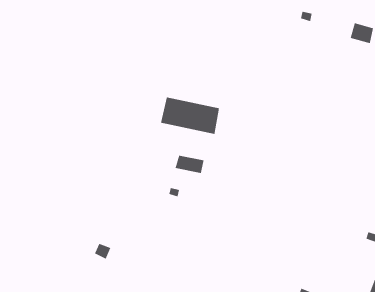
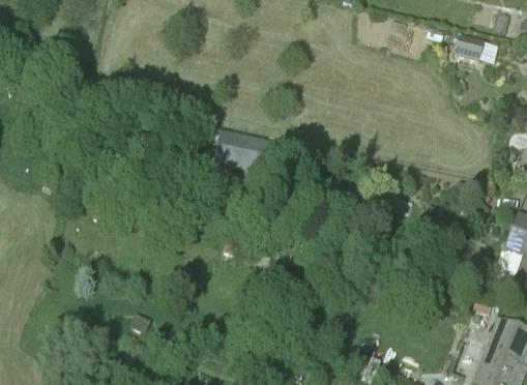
building: [175,155,204,174] -> none

